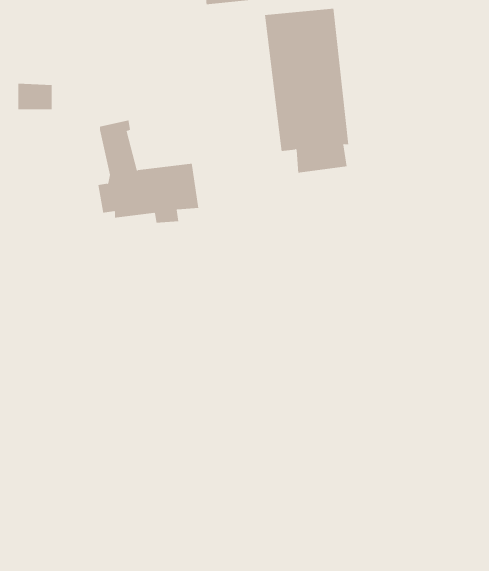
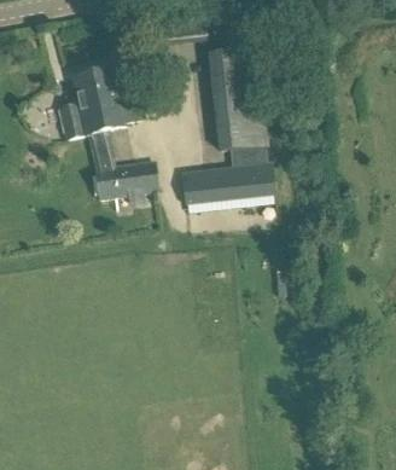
building: none -> [58,68,127,140]
building: none -> [185,162,274,201]

